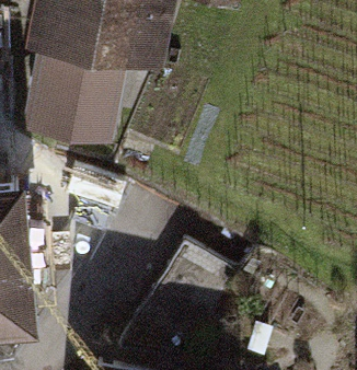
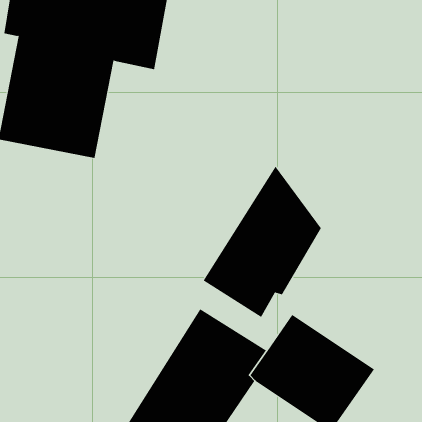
building: none -> [203,166,322,318]

